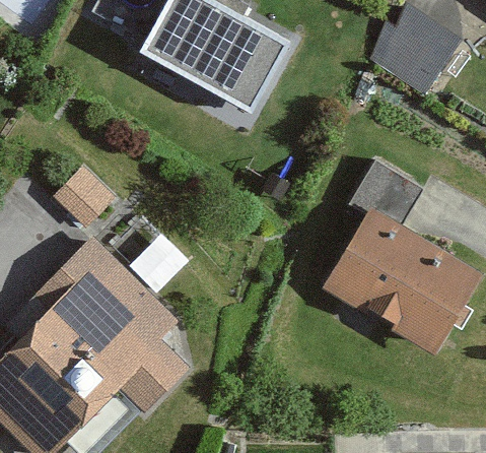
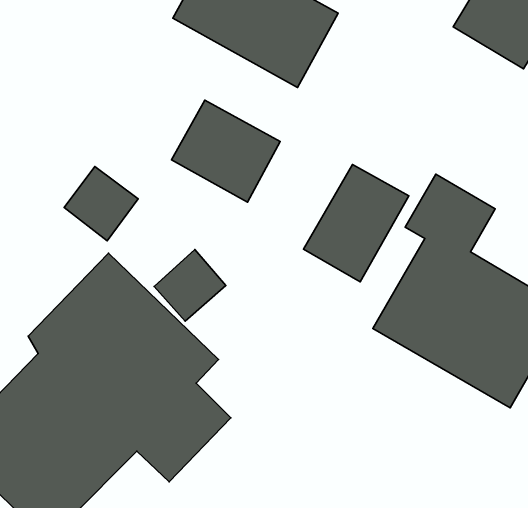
building: none -> [172,100,280,202]
building: none -> [303,164,409,282]

